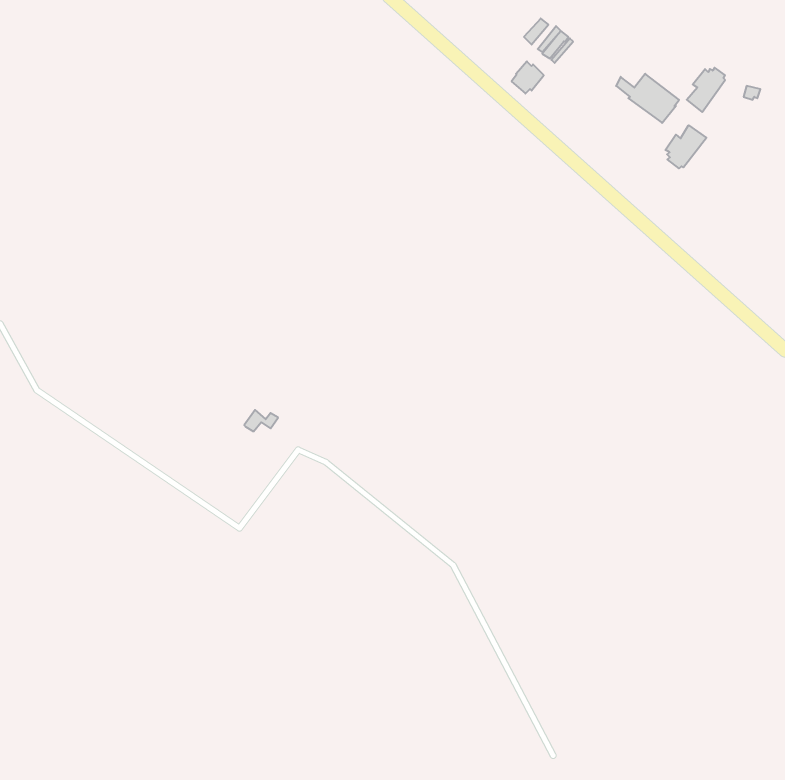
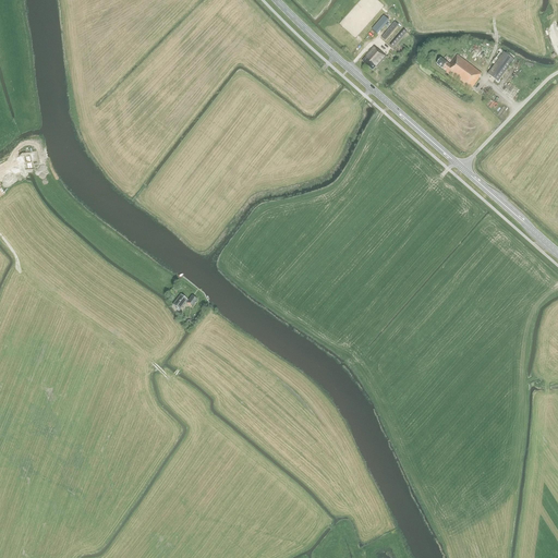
building: [665,125,706,168] -> none

